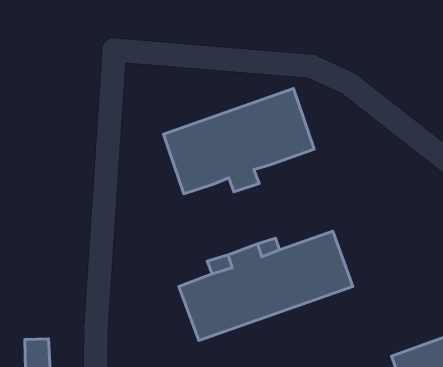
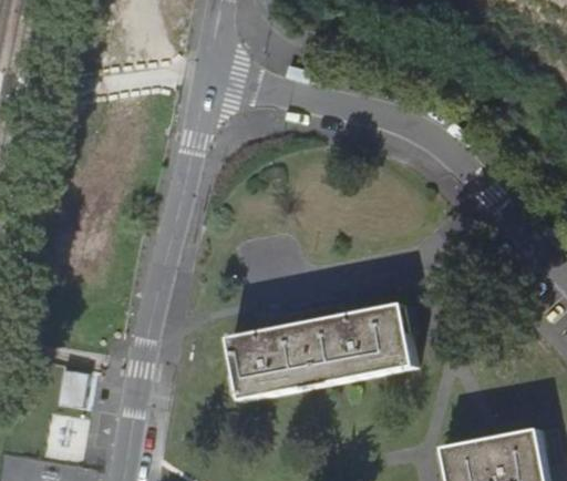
building: [163,89,314,194] -> none

